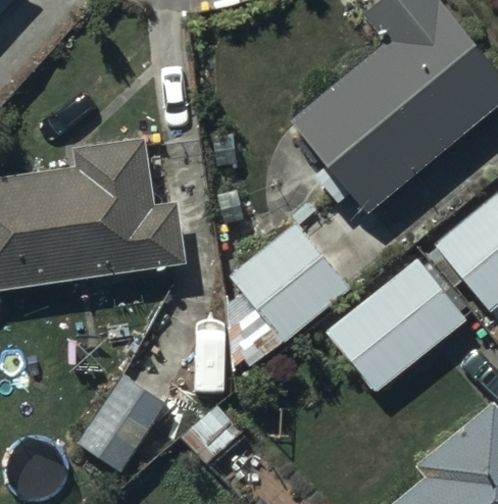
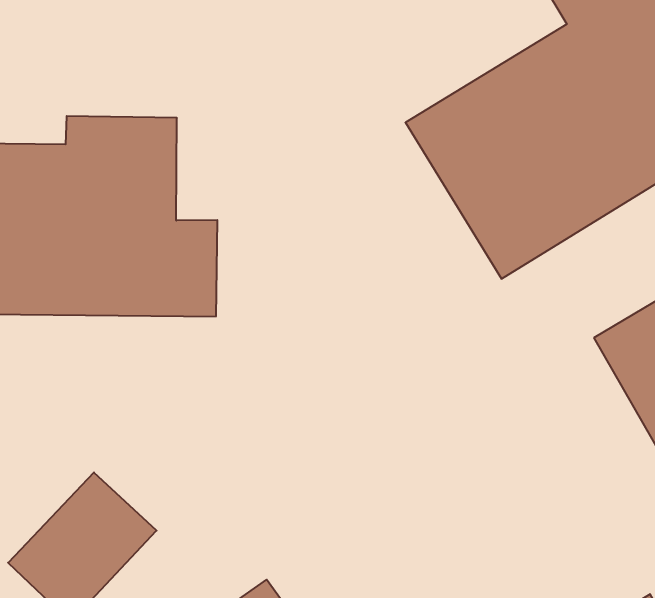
building: [227,222,349,367] -> none
building: [327,258,467,393] -> none

